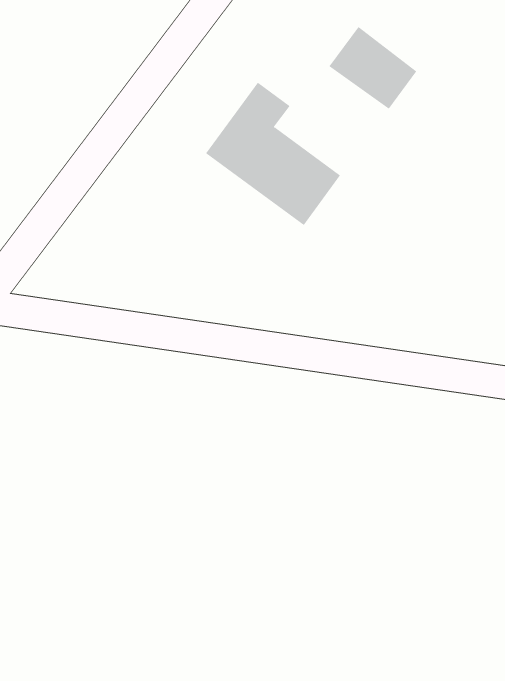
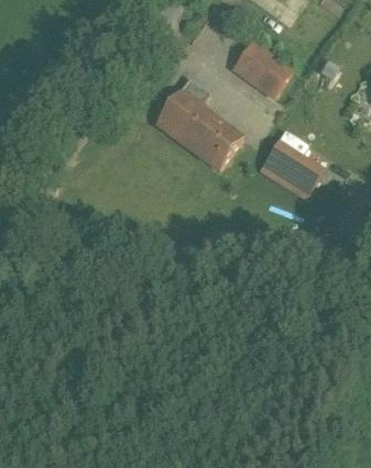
building: none -> [255,129,323,199]

